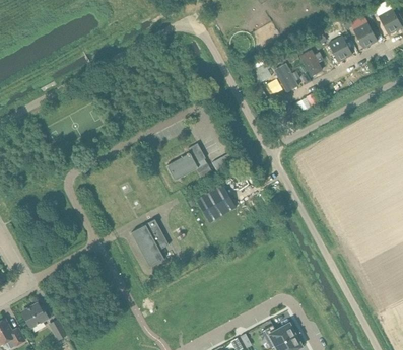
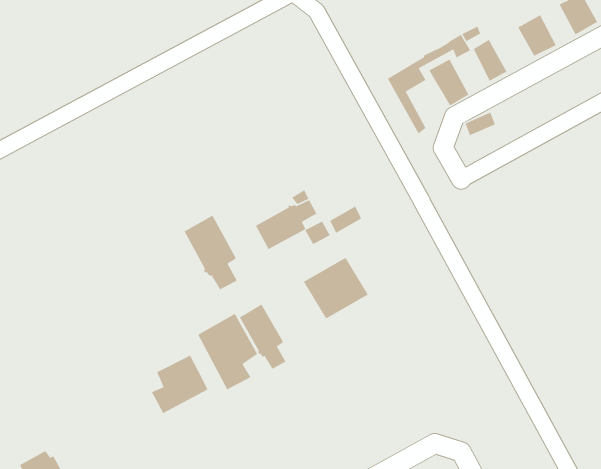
building: none -> [183,215,238,291]
building: none -> [239,304,286,370]
building: none -> [151,354,208,414]

